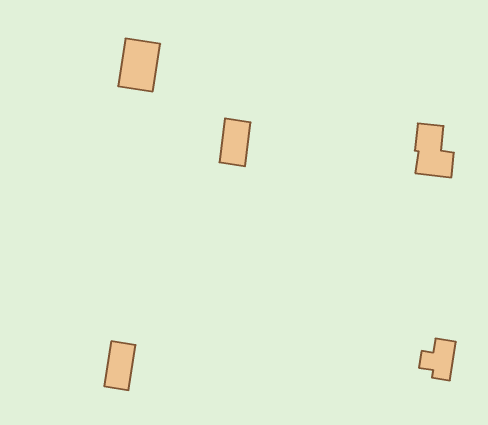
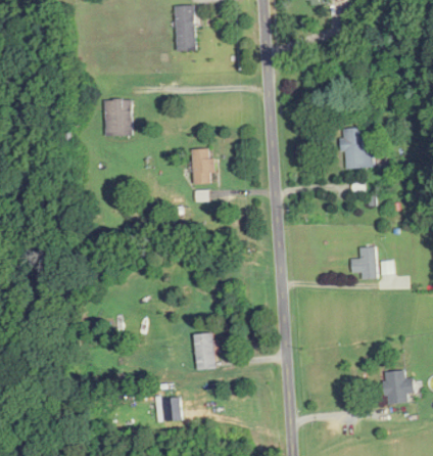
building: [419,339,456,380] -> [350,246,376,277]
building: [104,341,136,390] -> [195,332,214,368]

